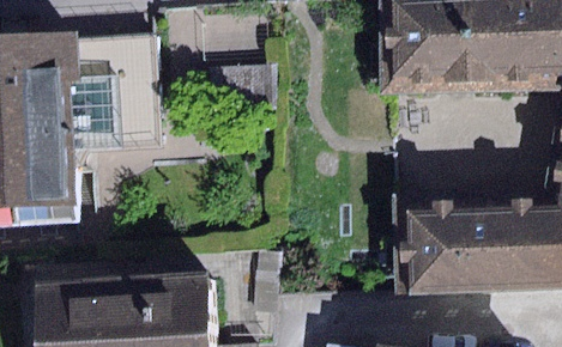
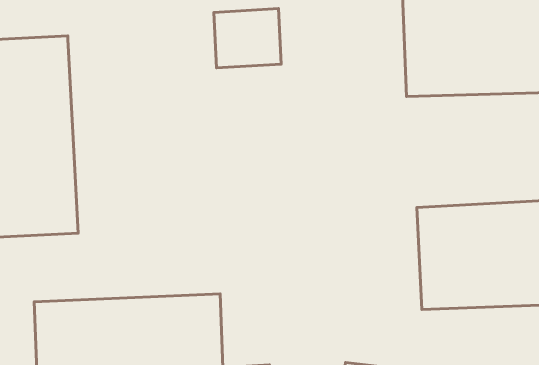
building: [70,36,161,150] -> none

